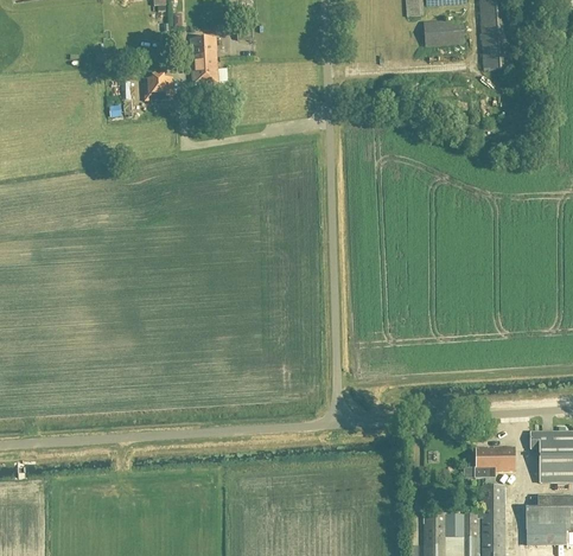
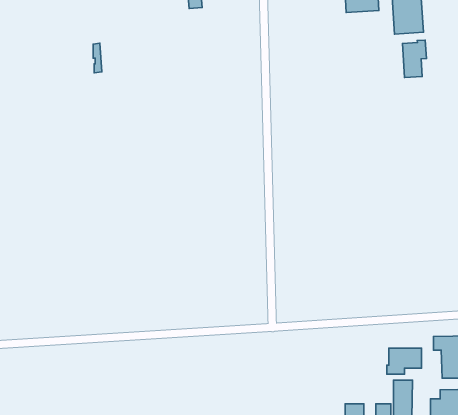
building: [190,37,217,83] -> none
building: [144,74,173,101] -> none
building: none -> [402,40,426,78]

